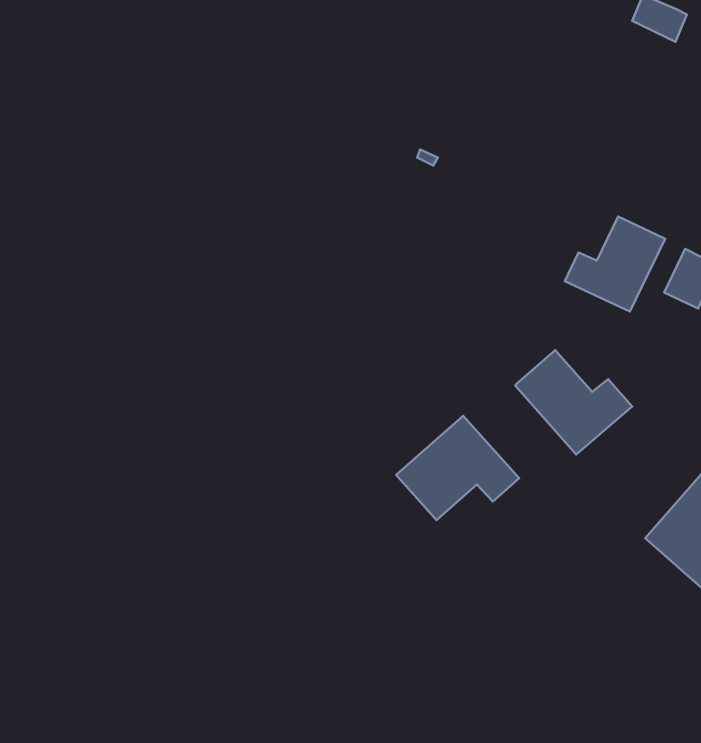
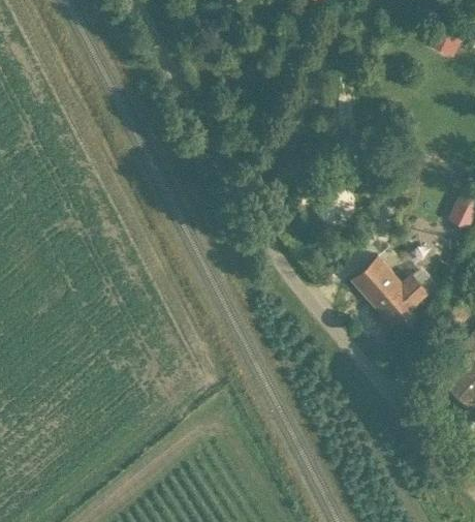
building: [565,216,665,312] -> none
building: [396,416,519,520] -> none

